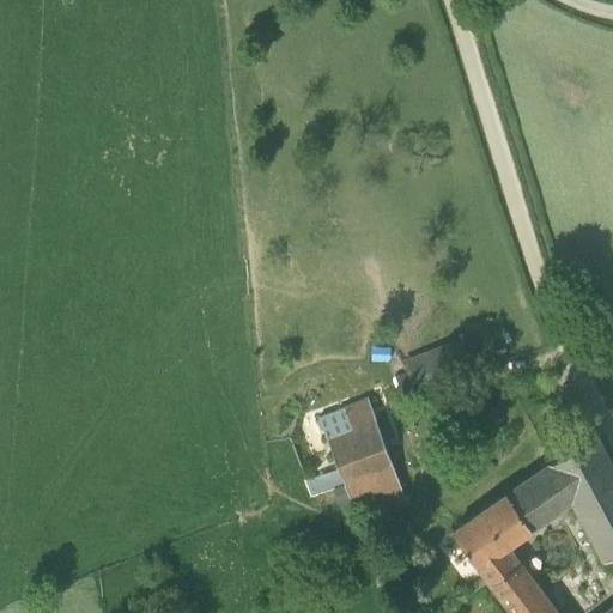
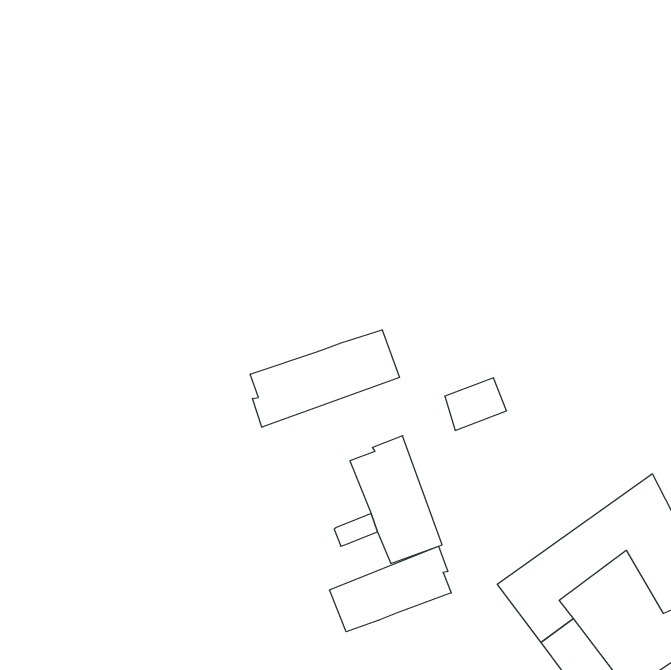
building: none -> [250,330,399,427]
building: none -> [329,546,451,632]

